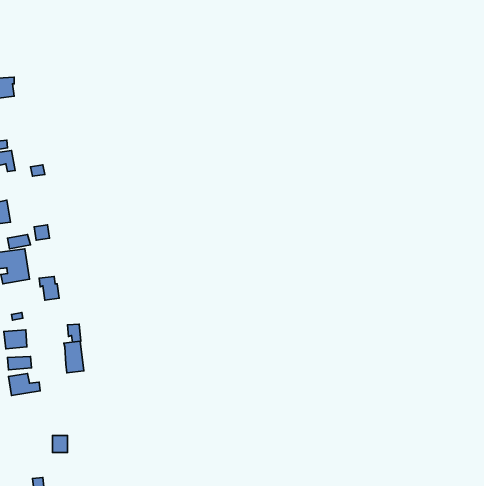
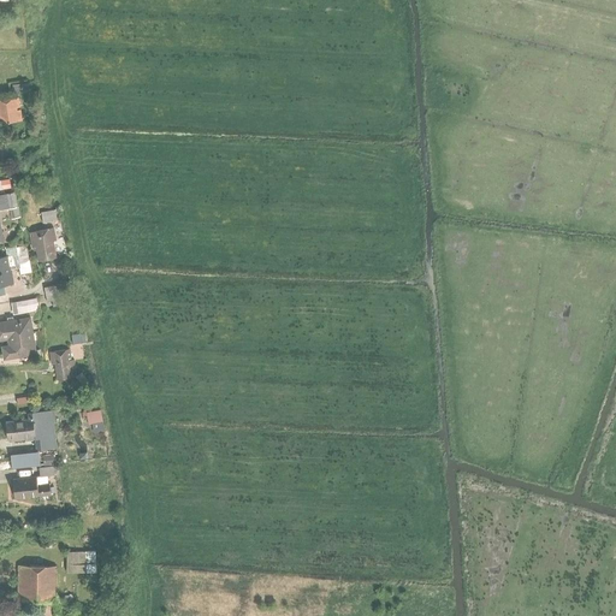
building: none -> [28,229,57,260]
building: [64,341,84,373] -> [31,410,57,450]
building: none -> [14,563,57,602]

